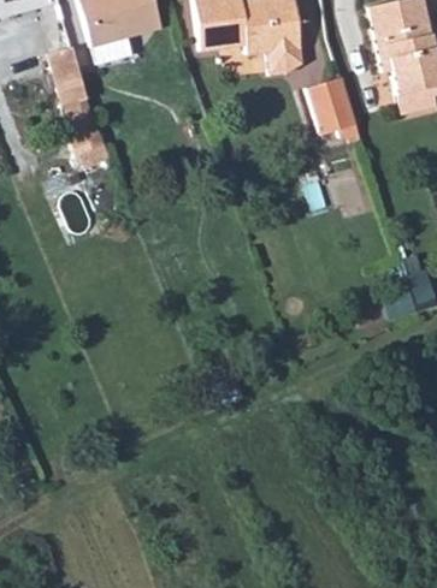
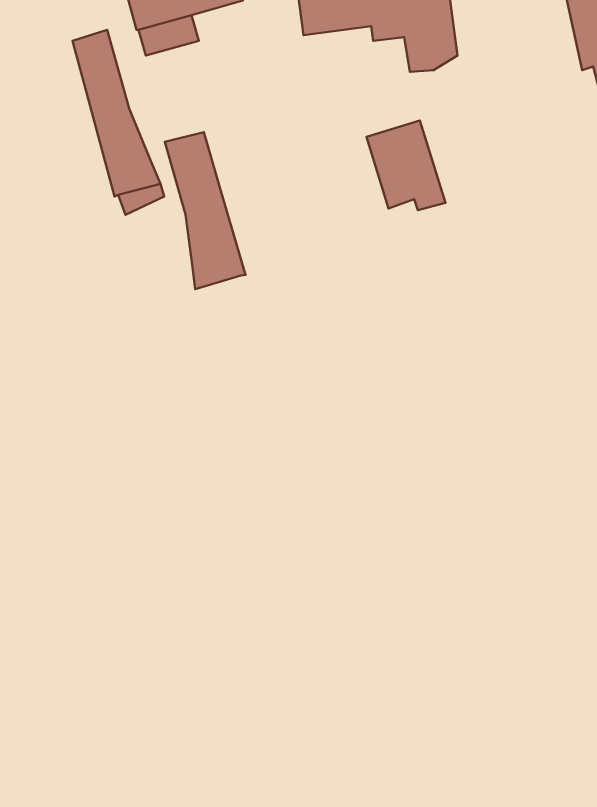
building: [307,77,359,136] -> [367,120,445,210]
building: none -> [165,132,245,289]

